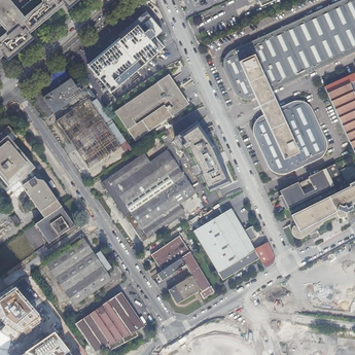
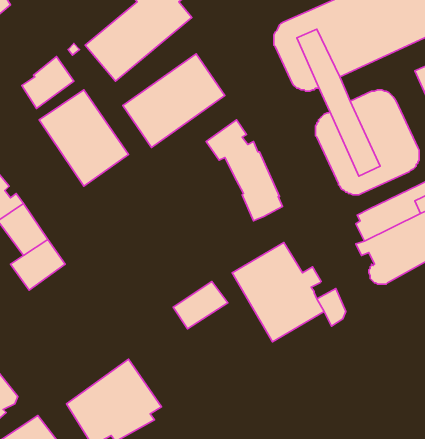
building: [102,149,196,241] -> none
building: [45,237,112,305] -> none
building: [157,251,214,303] -> none

